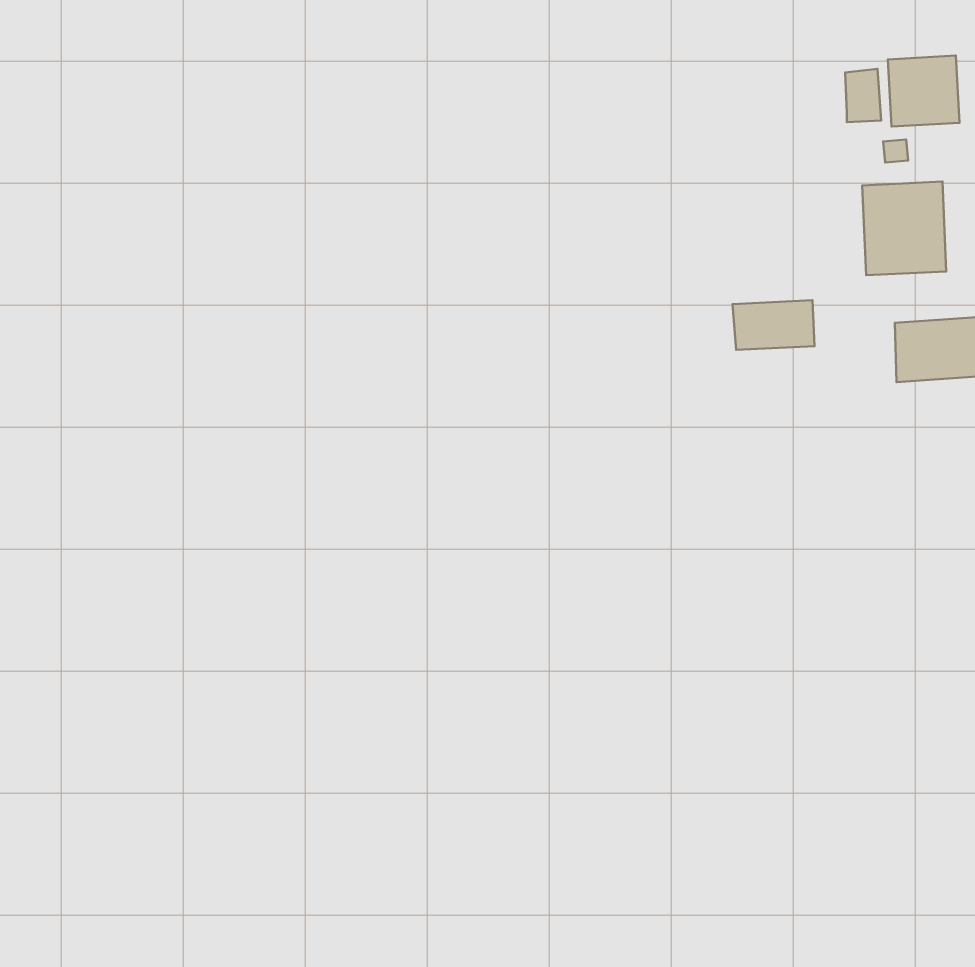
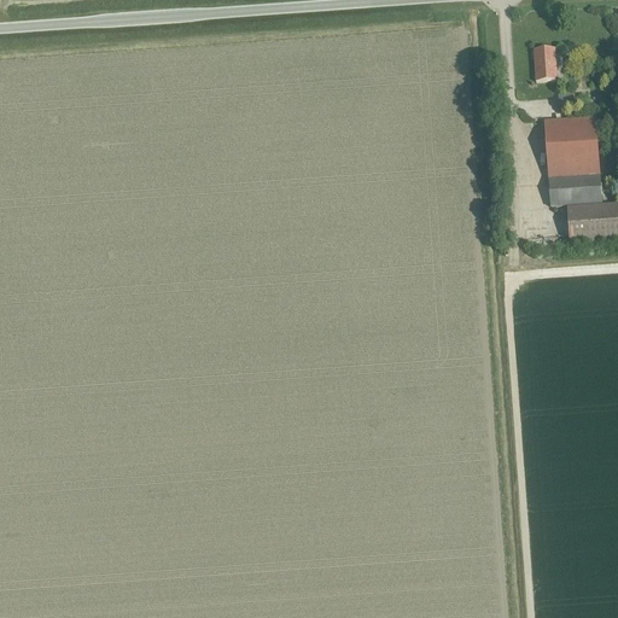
building: [888,56,959,127] -> none
building: [732,300,815,350] -> [548,171,600,203]

